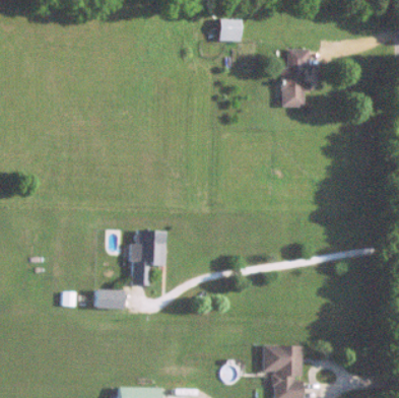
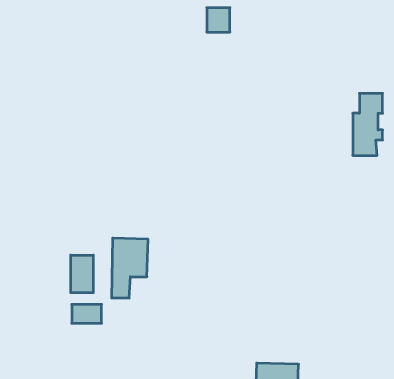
building: [281,49,309,106] -> [353,93,383,155]
building: none -> [71,255,93,293]

